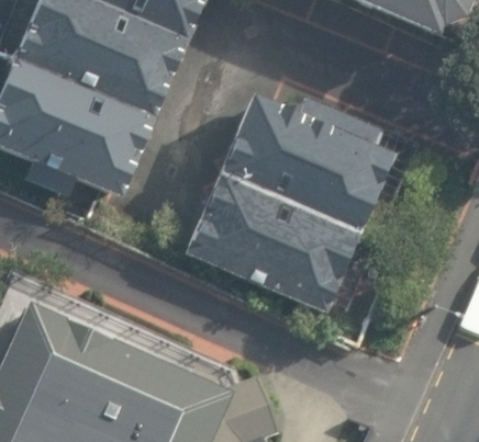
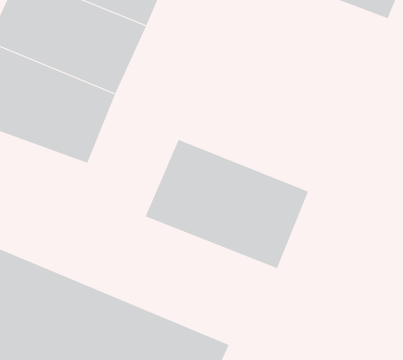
building: [222,99,394,225] -> none

